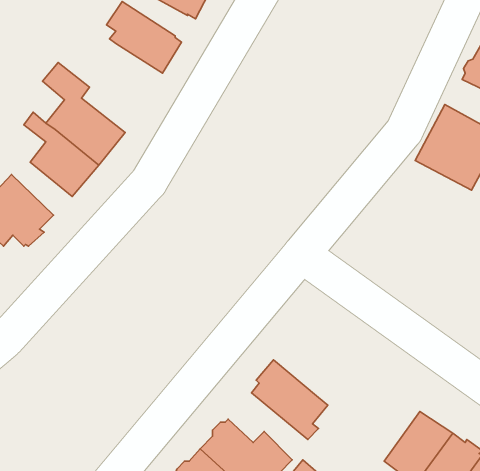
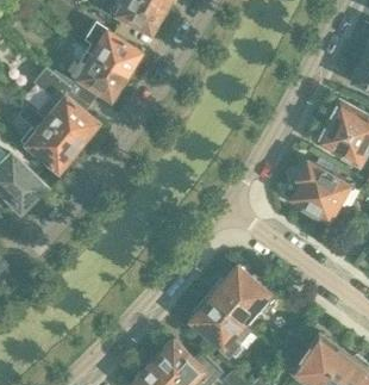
building: none -> [68,45,125,101]
building: none -> [293,162,357,222]
building: none -> [209,267,274,325]

